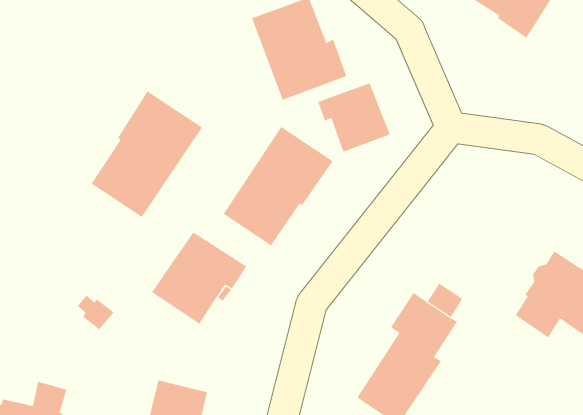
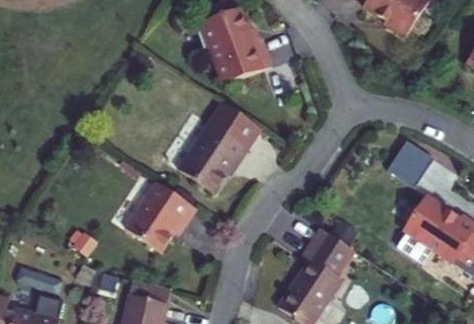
building: [318,83,390,152] -> none
building: [91,90,203,218] -> none
building: none -> [387,141,433,186]

